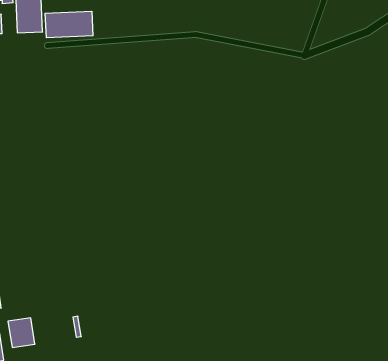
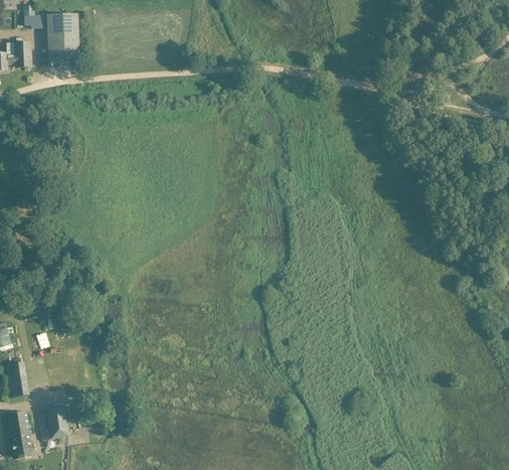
building: [45,11,93,38] -> none

